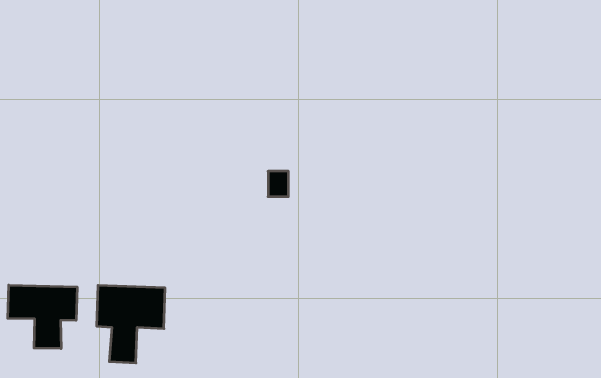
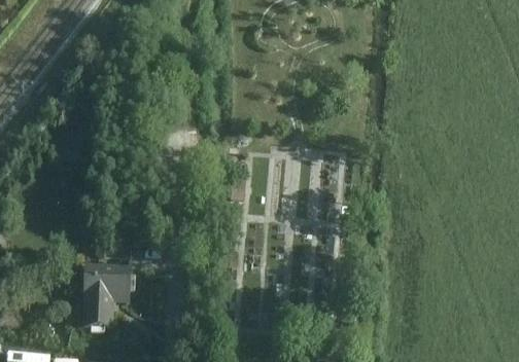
building: [8,285,77,349] -> none

